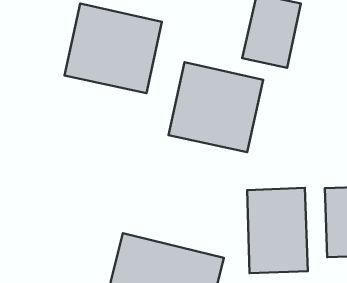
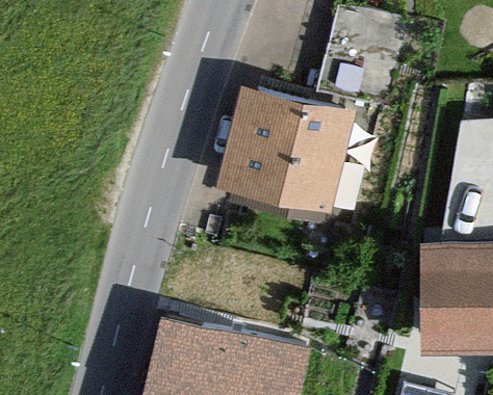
building: [64,3,162,93] -> none
building: [247,188,308,273] -> none

